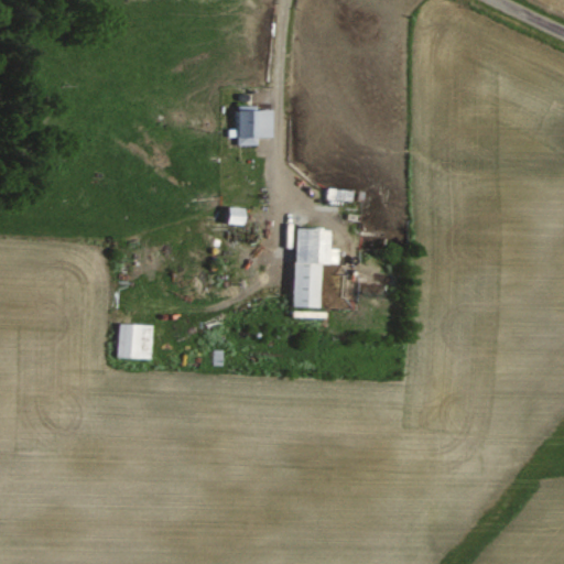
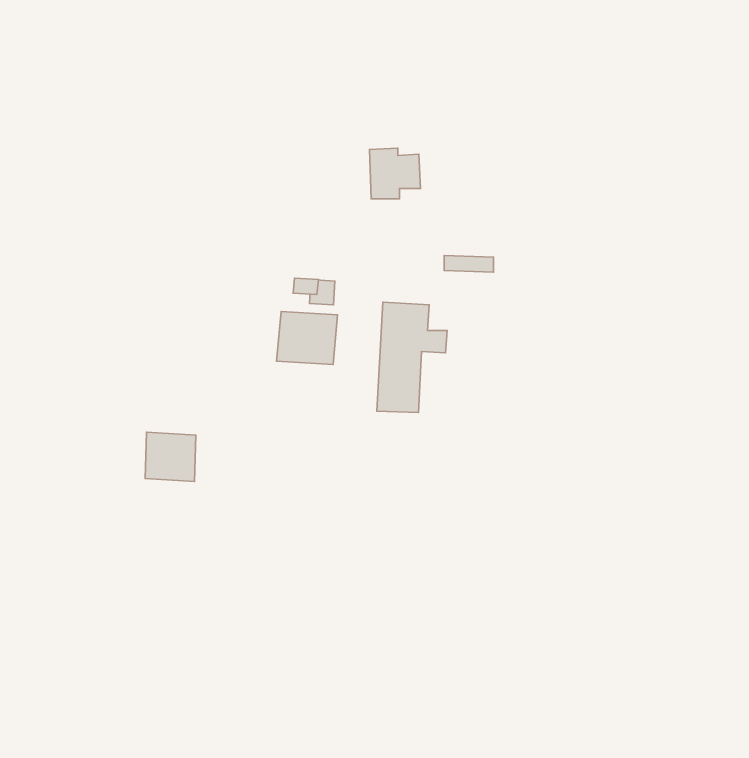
building: [237,107,274,144] -> [370,148,420,199]
building: none -> [277,311,338,365]

